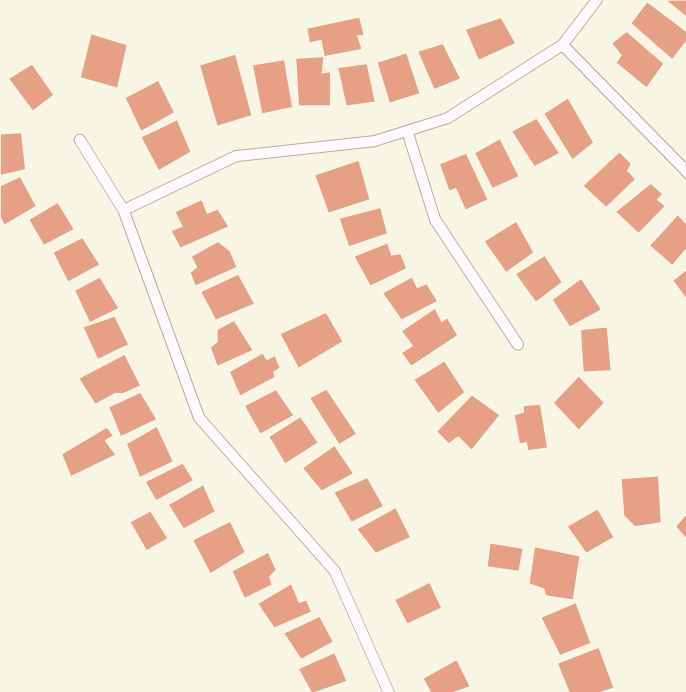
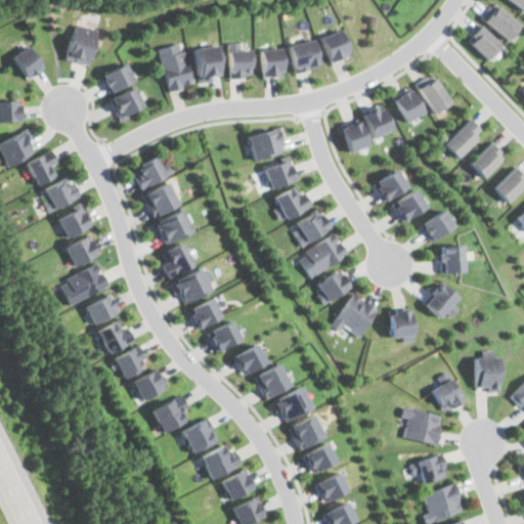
building: [307,17,364,57] -> none
building: [465,18,516,61] -> none
building: [280,312,343,369] -> none
building: [309,389,357,445] -> none
building: [62,427,116,477] -> none
building: [130,511,168,551] -> none
building: [487,543,523,572] -> none
building: none -> [291,411,329,449]
building: none -> [317,468,352,497]

